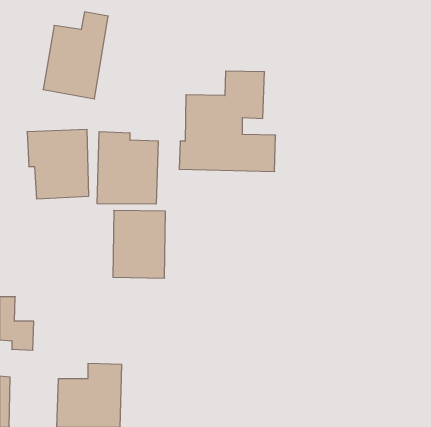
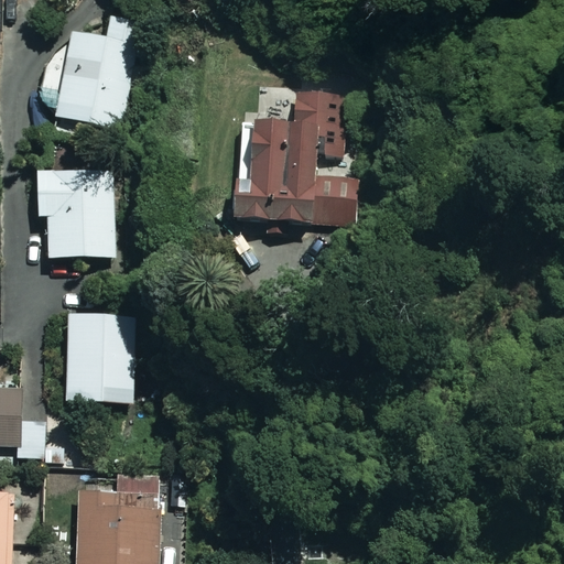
building: [97,132,158,204] -> none
building: [113,210,165,278] -> [65,314,133,402]

